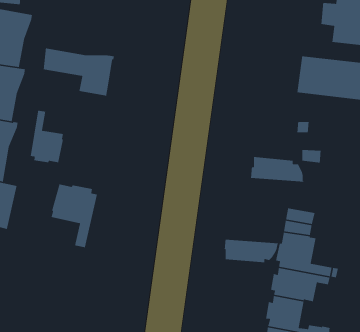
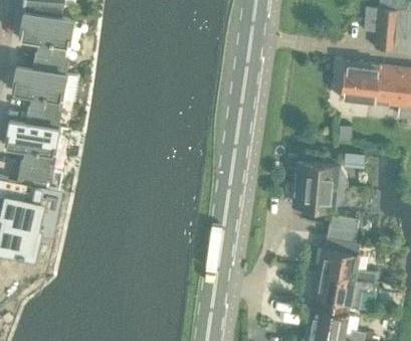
building: [43,48,115,96] -> none
building: [30,110,64,163] -> none
building: [51,183,98,248] -> none
building: [224,239,279,263] -> [291,184,347,208]

